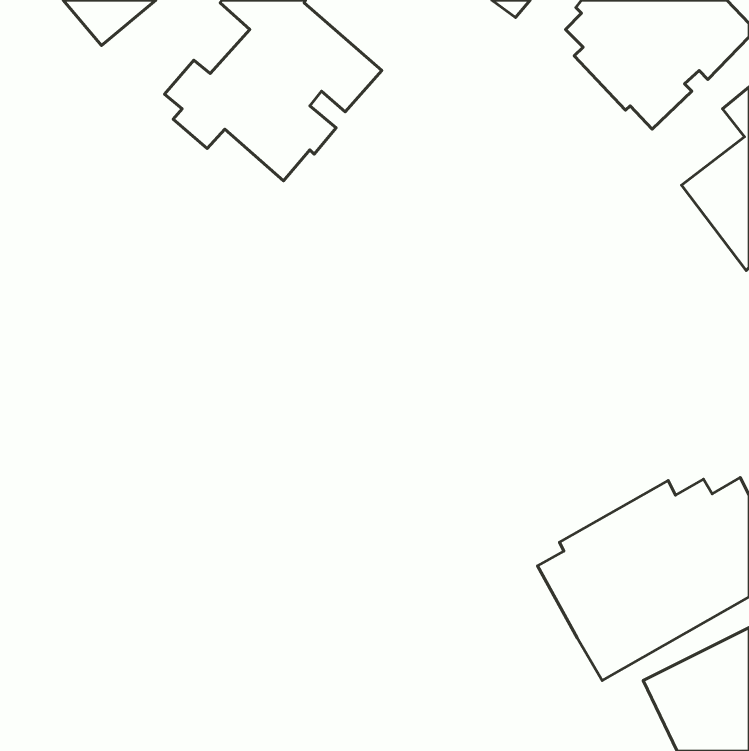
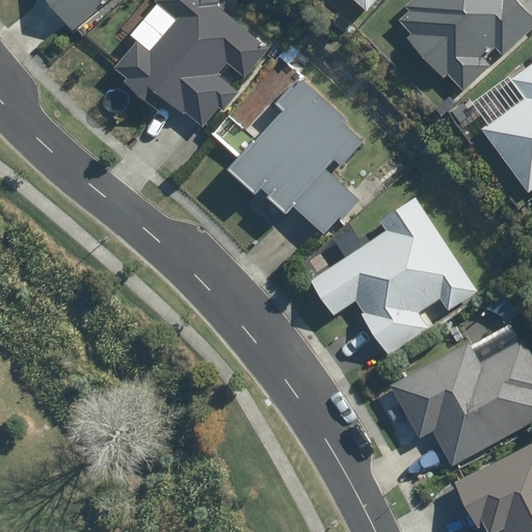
building: none -> [227,75,363,237]
building: none -> [311,196,480,355]

